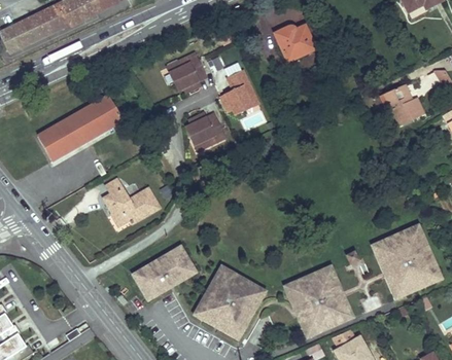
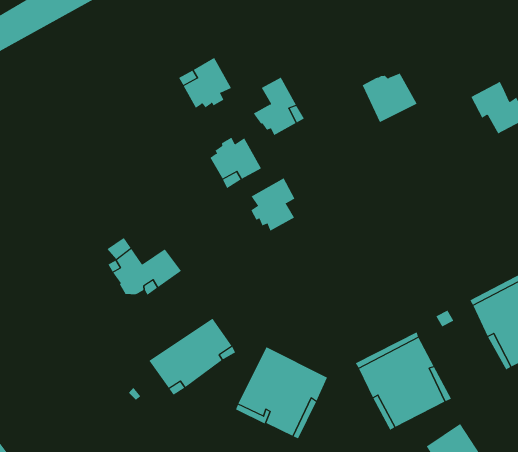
building: [275,26,315,62] -> [362,73,417,123]
building: [37,95,123,160] -> none
building: none -> [250,178,295,232]

